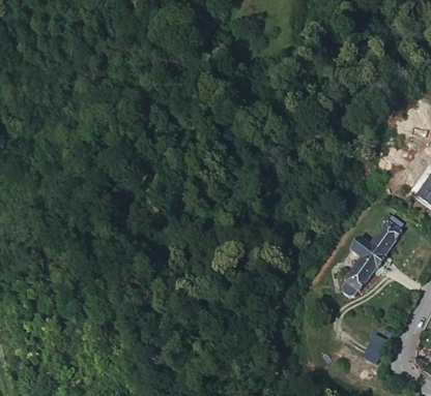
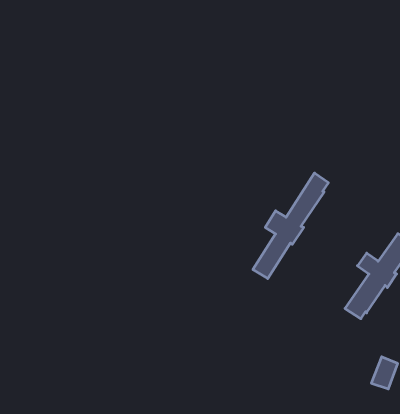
building: none -> [253,173,328,279]

